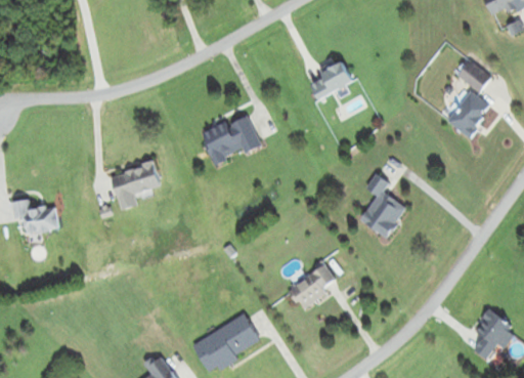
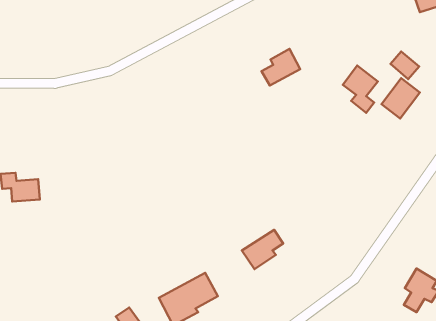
building: none -> [343,66,378,113]
building: [201,113,260,164] -> none
building: [111,161,160,209] -> none
building: [360,173,406,237] -> none

